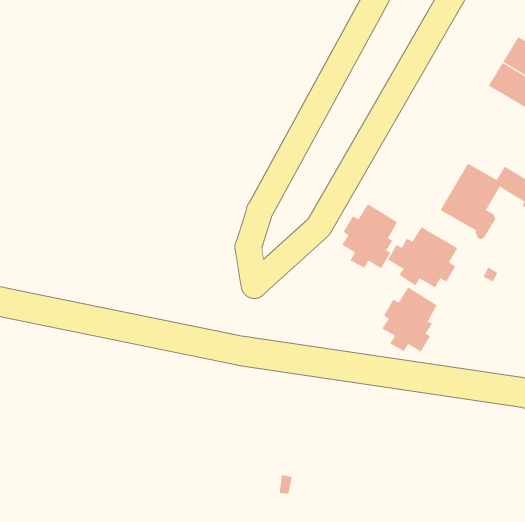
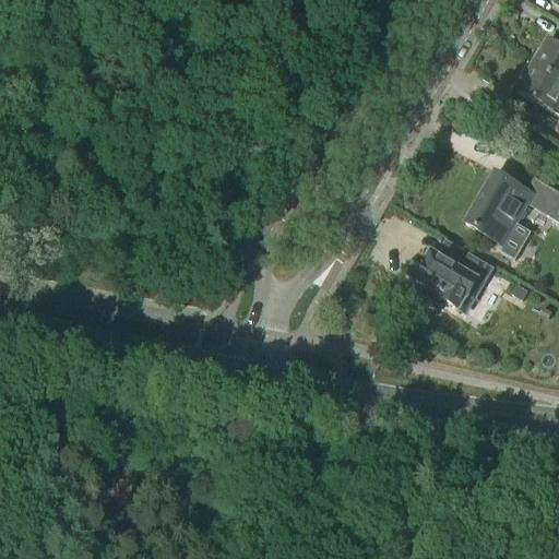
building: [341,203,398,269] -> none
building: [382,287,438,352] -> none

